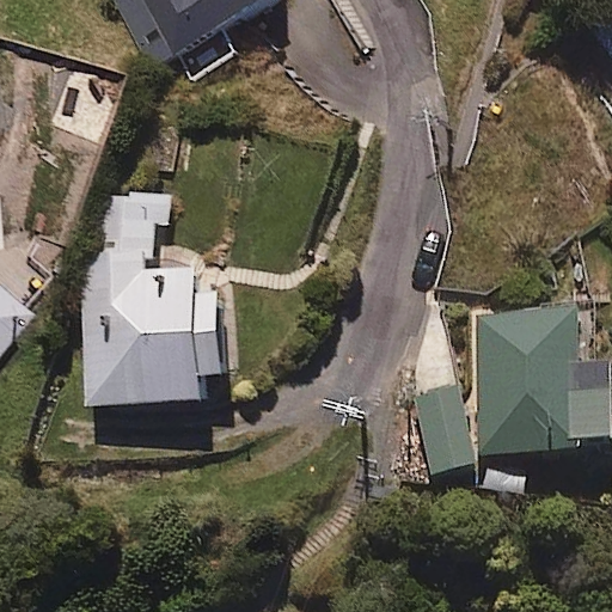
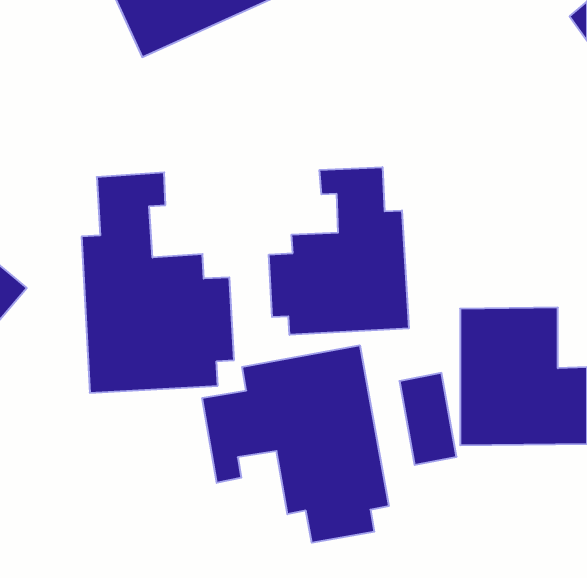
building: none -> [269,167,409,335]
building: none -> [202,345,389,543]

